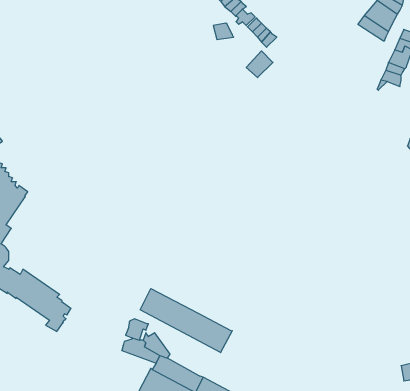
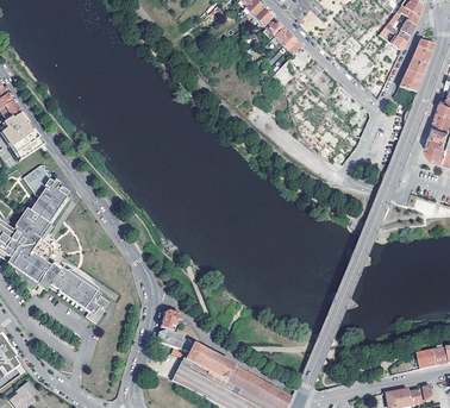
building: [140,289,232,353] -> none

